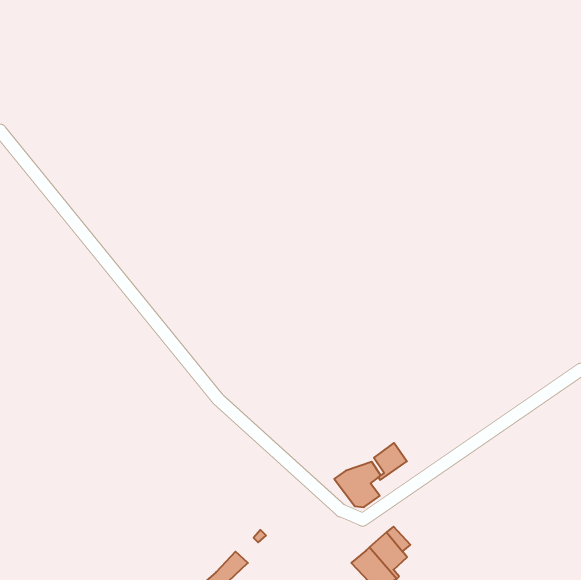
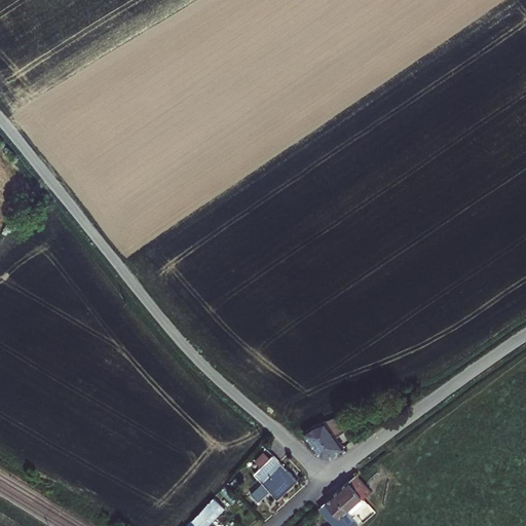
building: [374,443,407,480] -> none
building: none -> [251,457,297,504]

